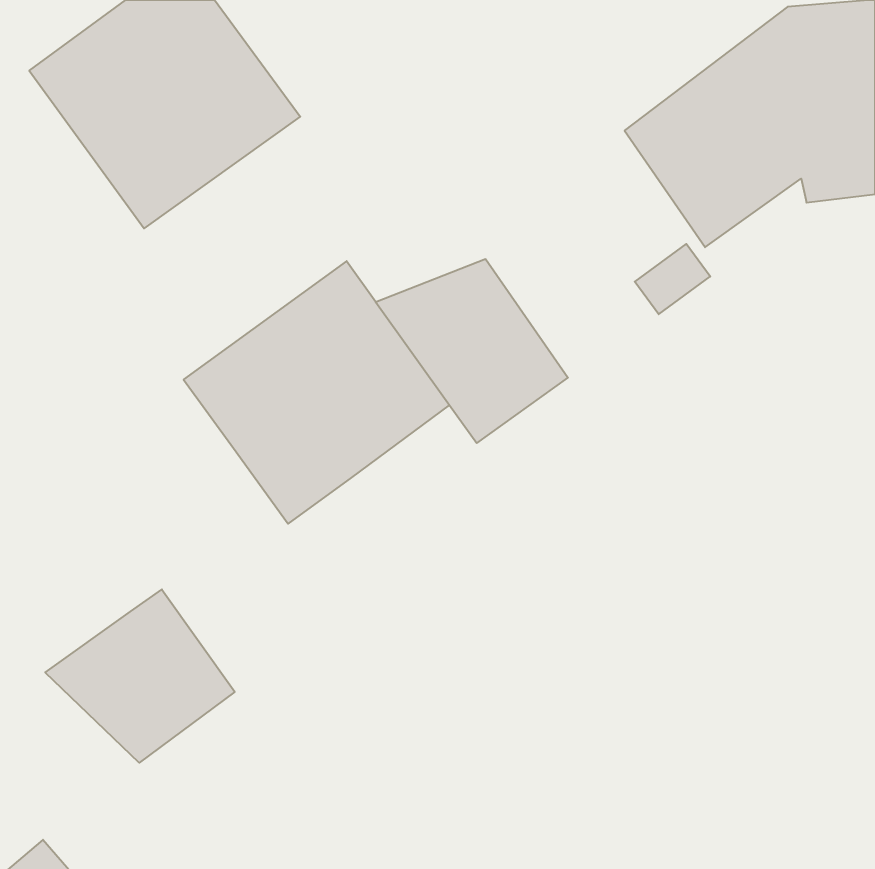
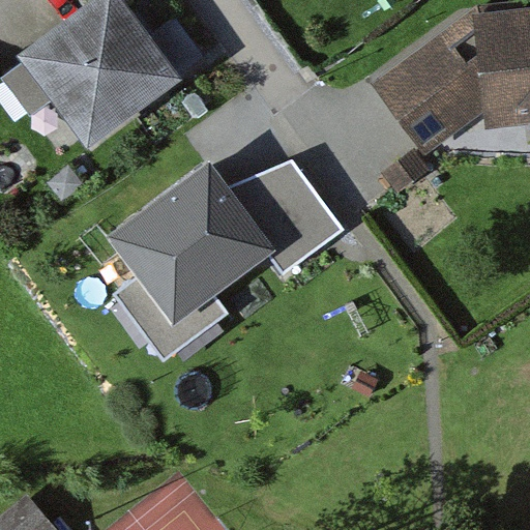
building: none -> [115,275,228,360]
building: [45,589,235,763] -> none

